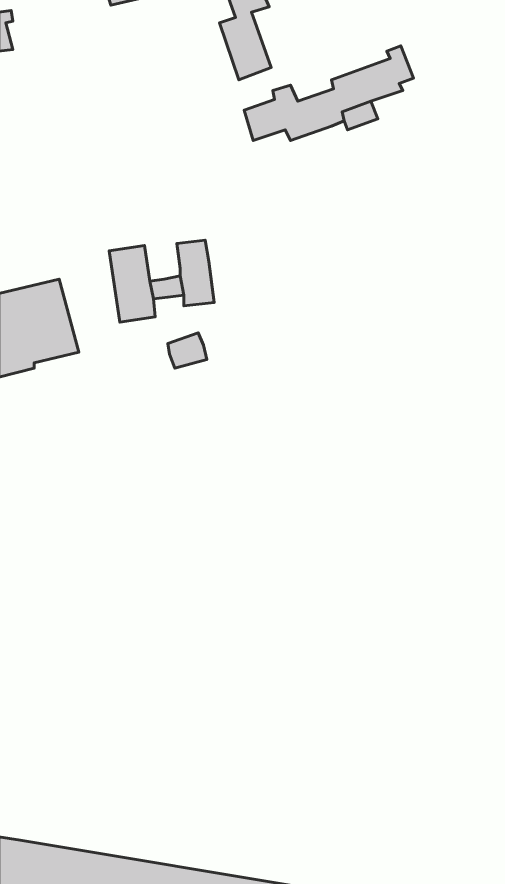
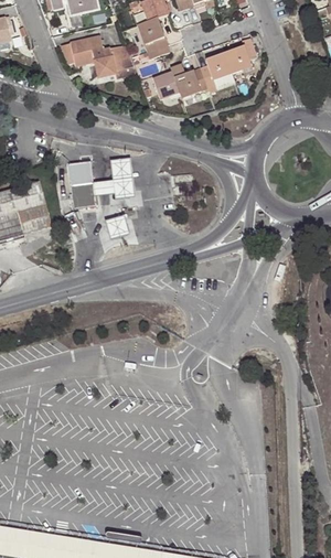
building: none -> [63,34,135,77]

